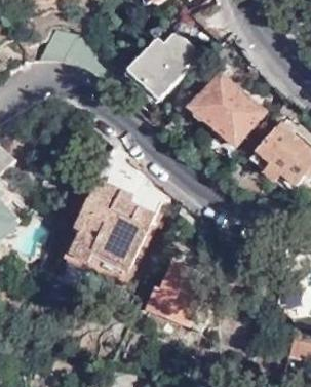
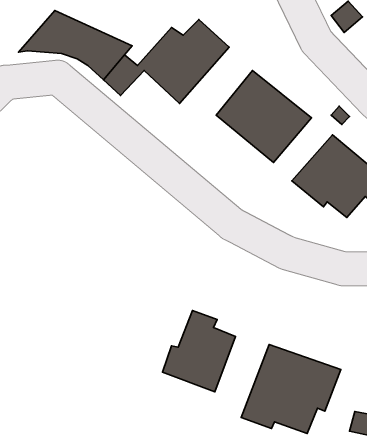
building: [71,181,156,269] -> none
building: none -> [241,344,341,433]

